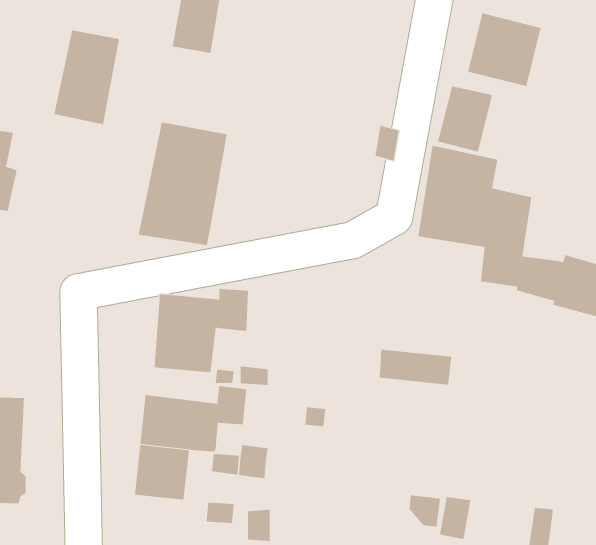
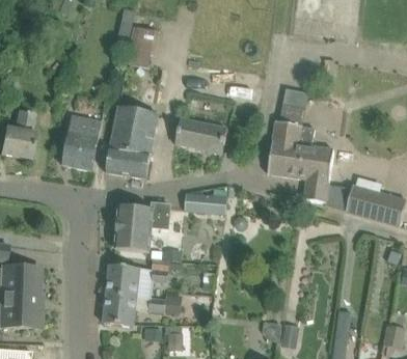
building: [467,13,541,87] -> none
building: [54,30,120,125] -> [61,116,100,171]
building: none -> [174,118,226,154]
building: [379,349,452,385] -> [184,193,226,214]

